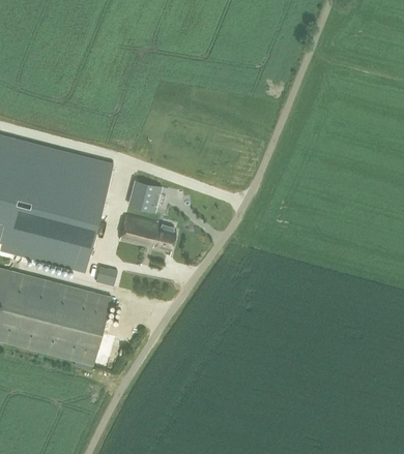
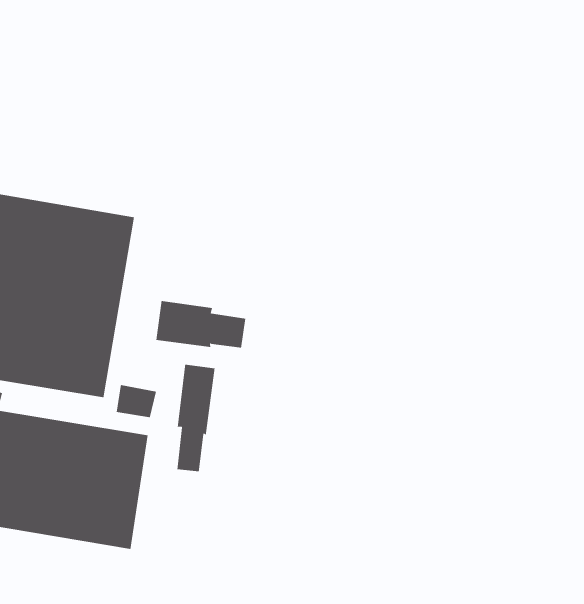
building: [122,186,166,209] -> none
building: none -> [177,364,215,472]

